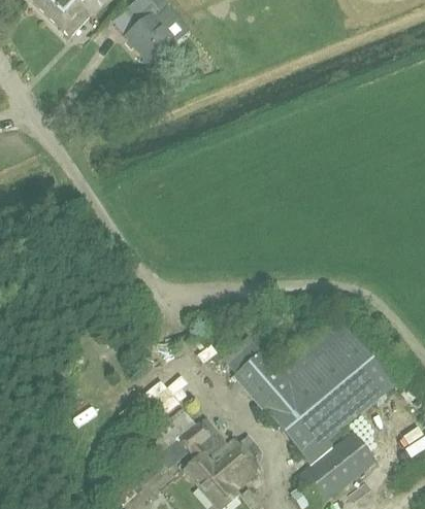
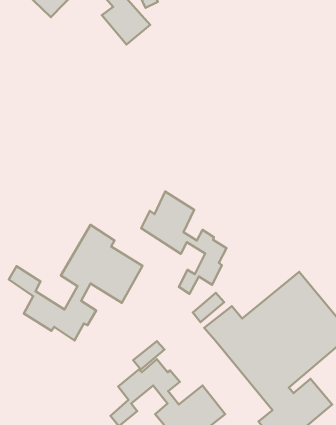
building: none -> [141,192,226,294]
building: none -> [9,225,143,341]

